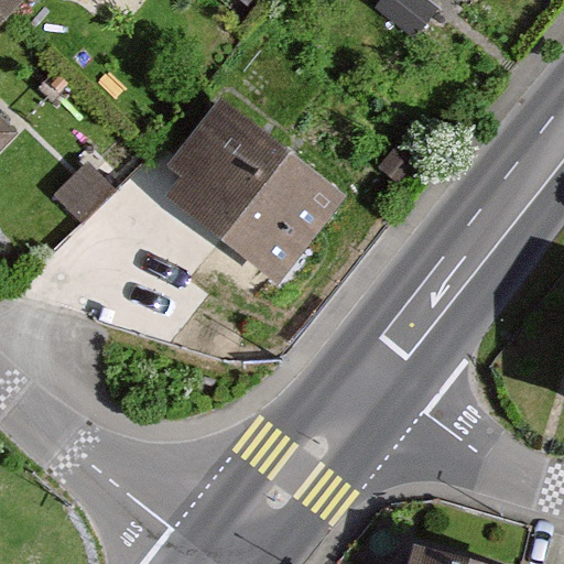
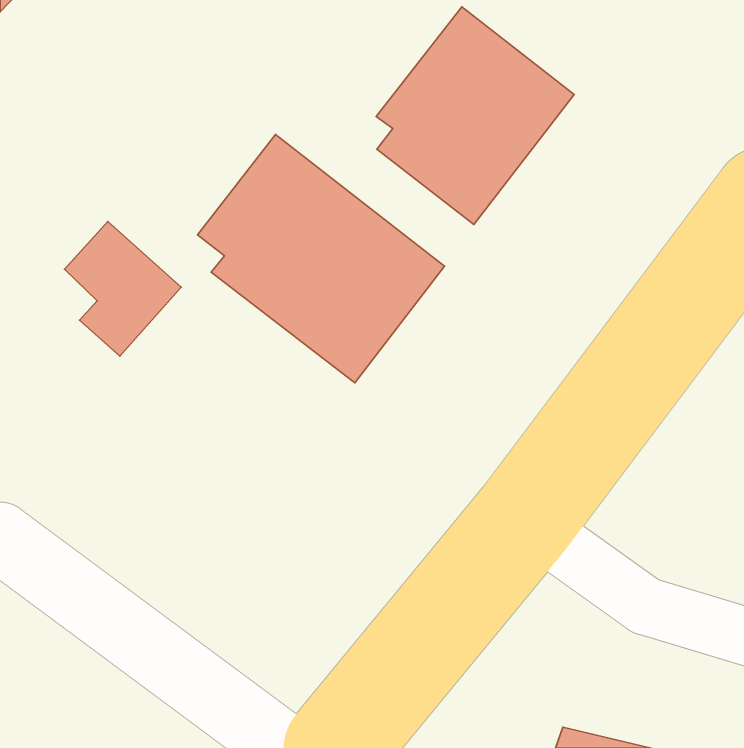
building: none -> [376,7,574,225]

